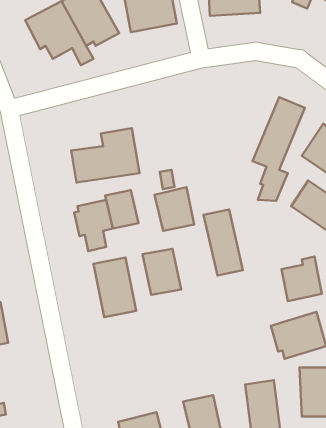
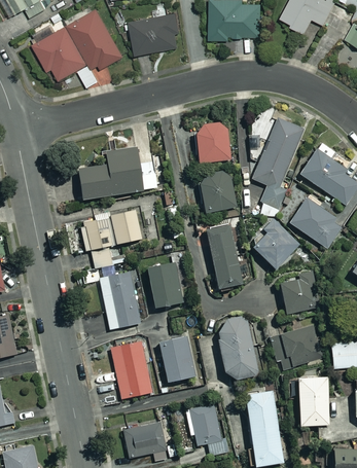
building: none -> [195,121,230,163]
building: [155,187,194,231] -> [198,171,236,213]
building: none -> [252,218,299,269]
building: none -> [217,319,259,379]
building: none -> [158,335,195,382]
building: none -> [110,341,152,398]

